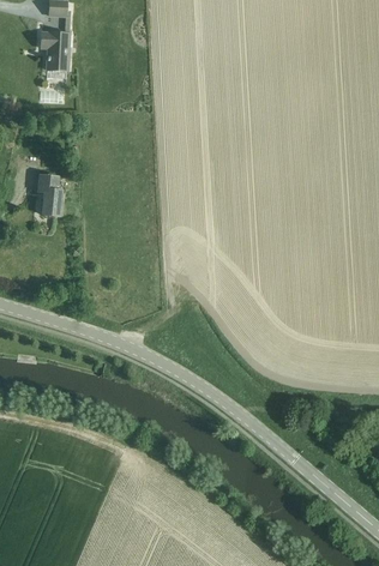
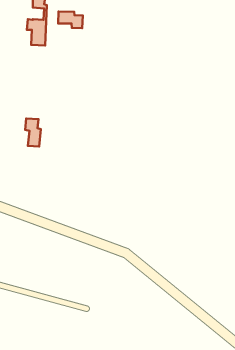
building: none -> [58,11,83,28]

